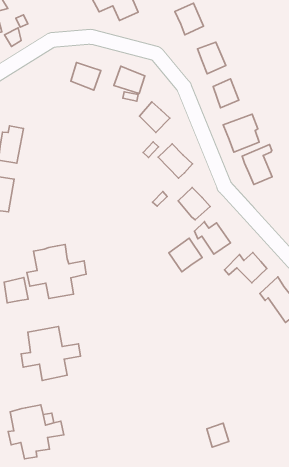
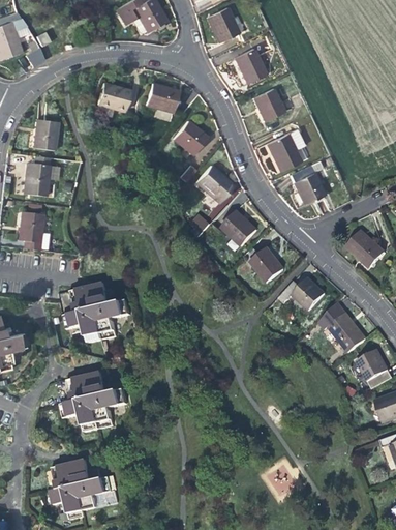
building: none -> [32,118,57,149]
building: [169,238,202,272] -> none
building: [4,277,28,303] -> none

